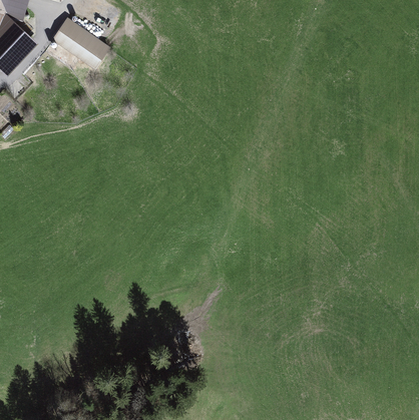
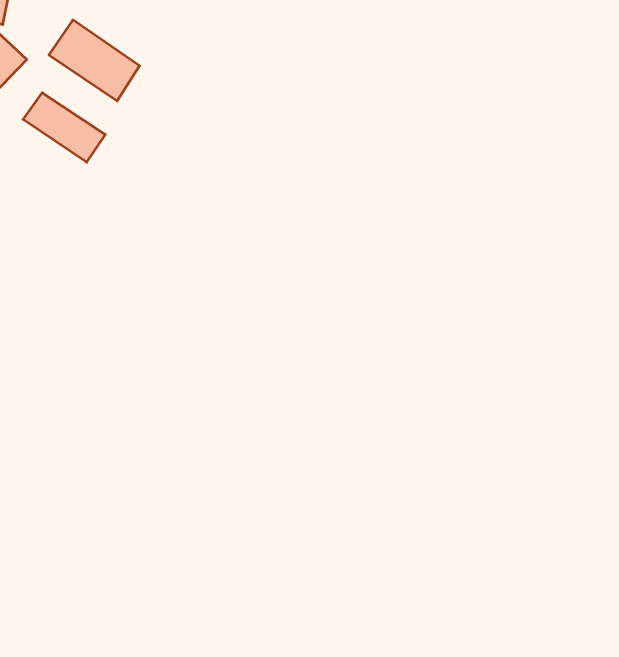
building: none -> [23,93,105,162]

